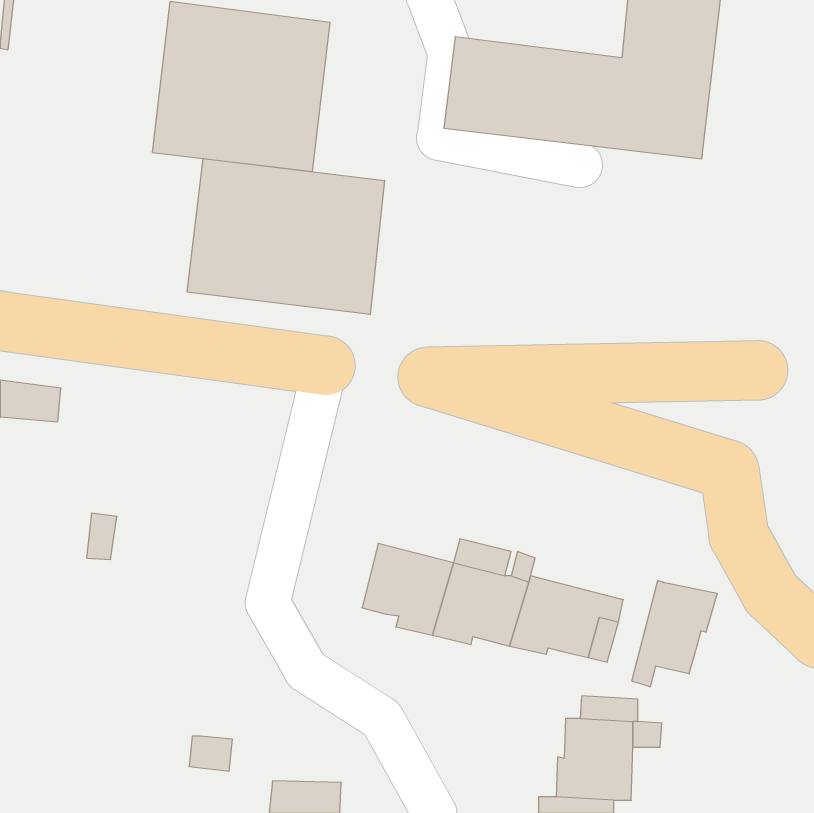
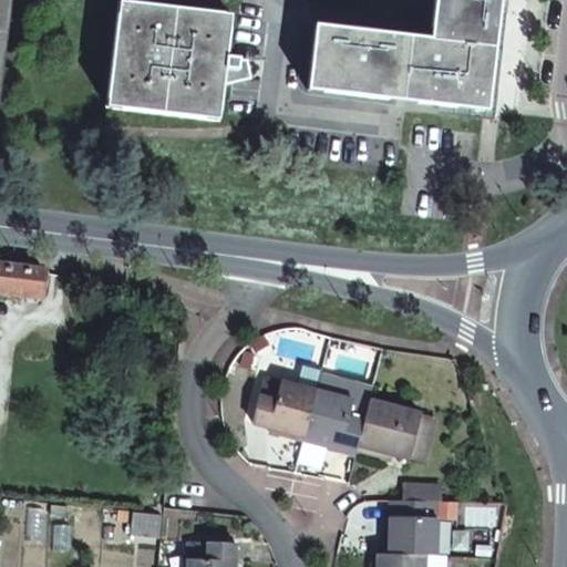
building: [187,158,384,315] -> none
building: [632,581,717,687] -> none

